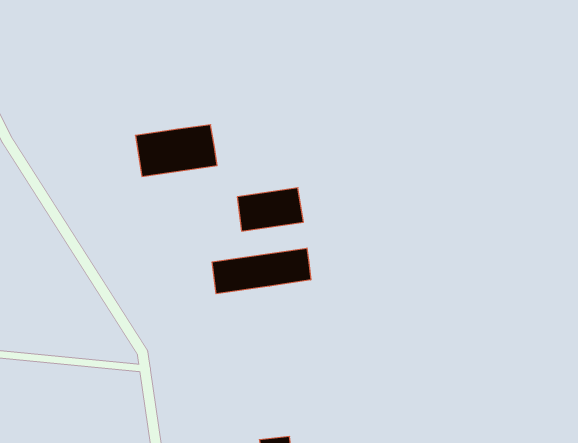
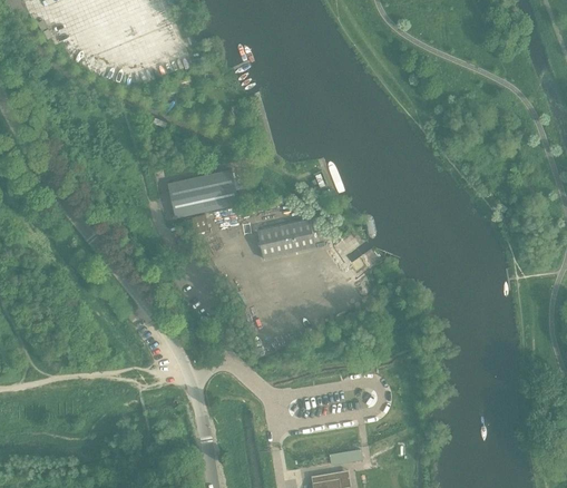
building: [212,248,311,294] -> none

